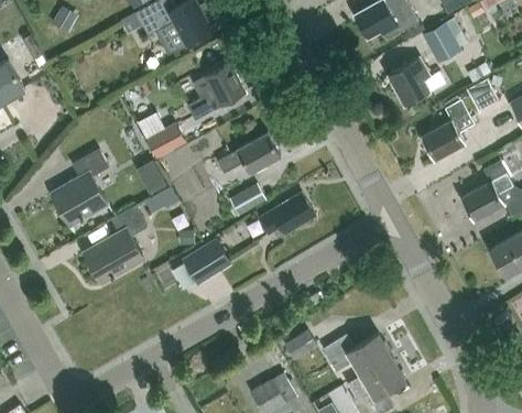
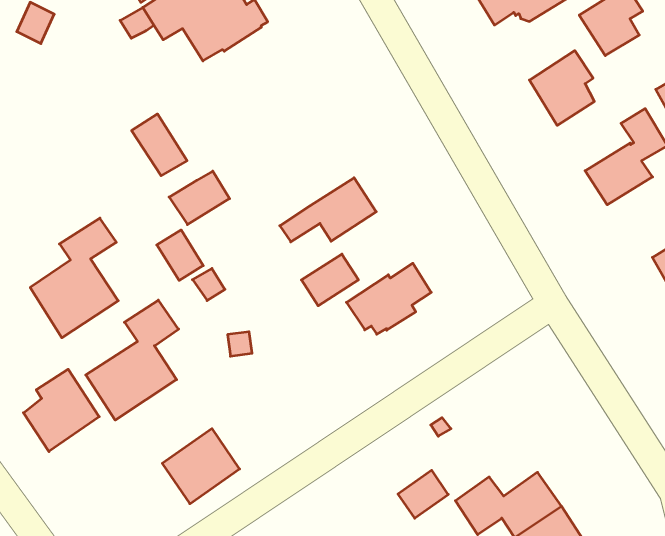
building: [186,63,246,121] -> none
building: [182,238,232,286] -> [162,429,240,504]
building: none -> [23,369,99,452]

